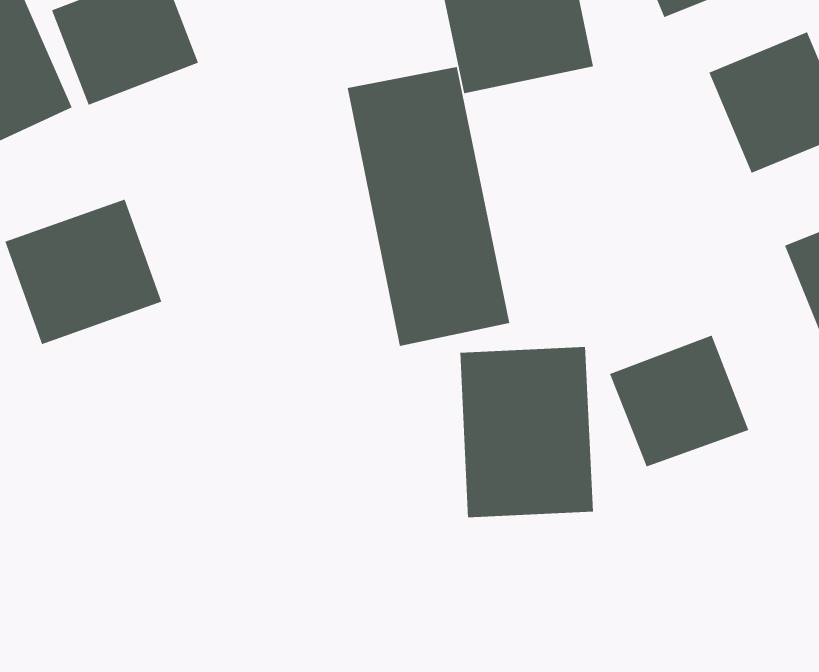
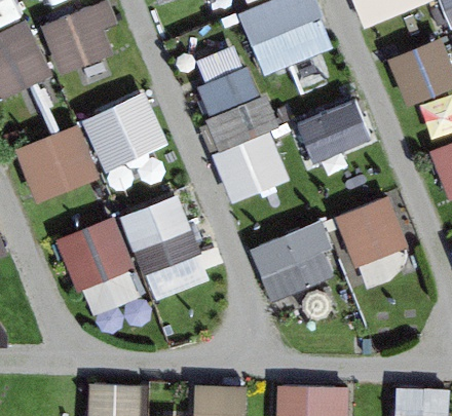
building: none -> [81,91,171,175]
building: none -> [297,96,373,172]
building: none -> [58,194,210,317]

